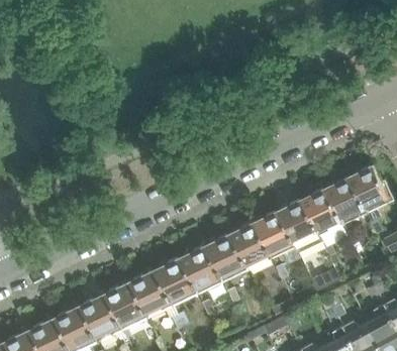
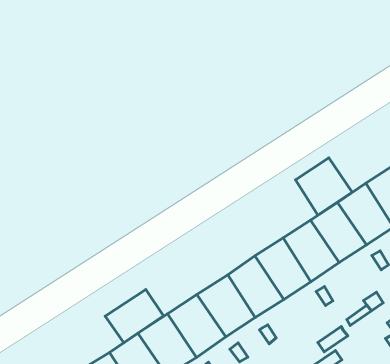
building: none -> [296,158,352,215]
building: none -> [105,290,163,343]

